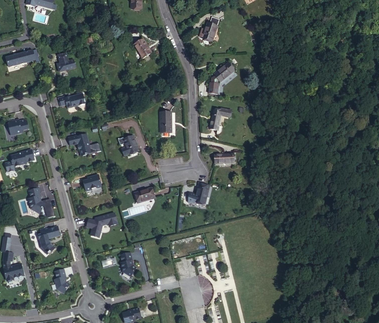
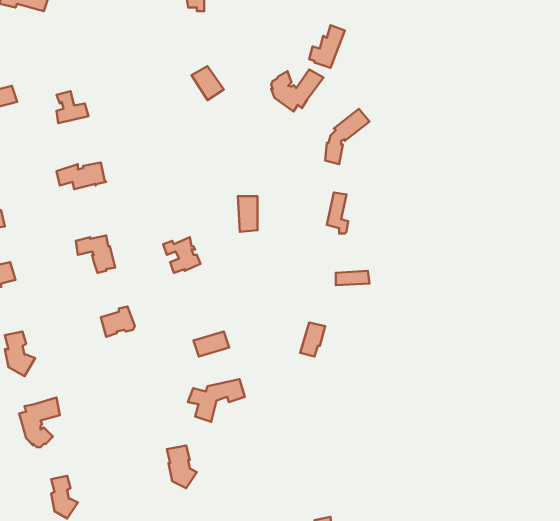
building: none -> [271,69,323,112]
building: [86,214,118,238] -> [188,379,245,422]

